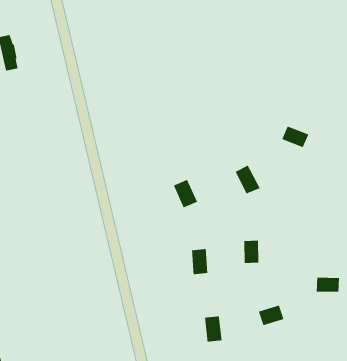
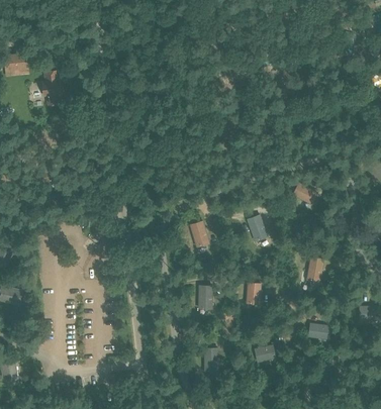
building: none -> [306,257,325,283]

